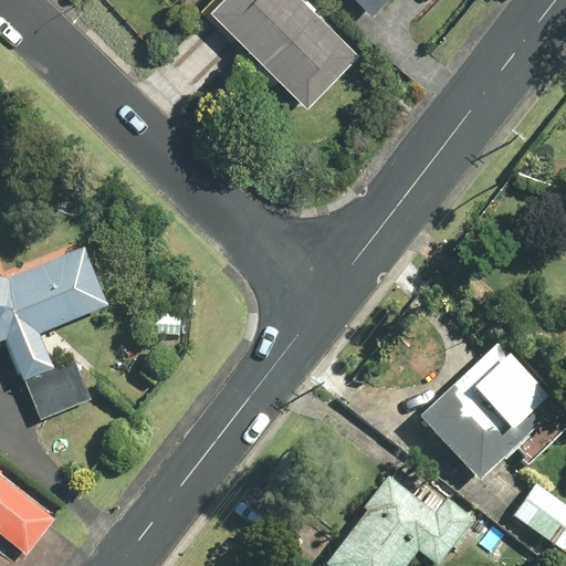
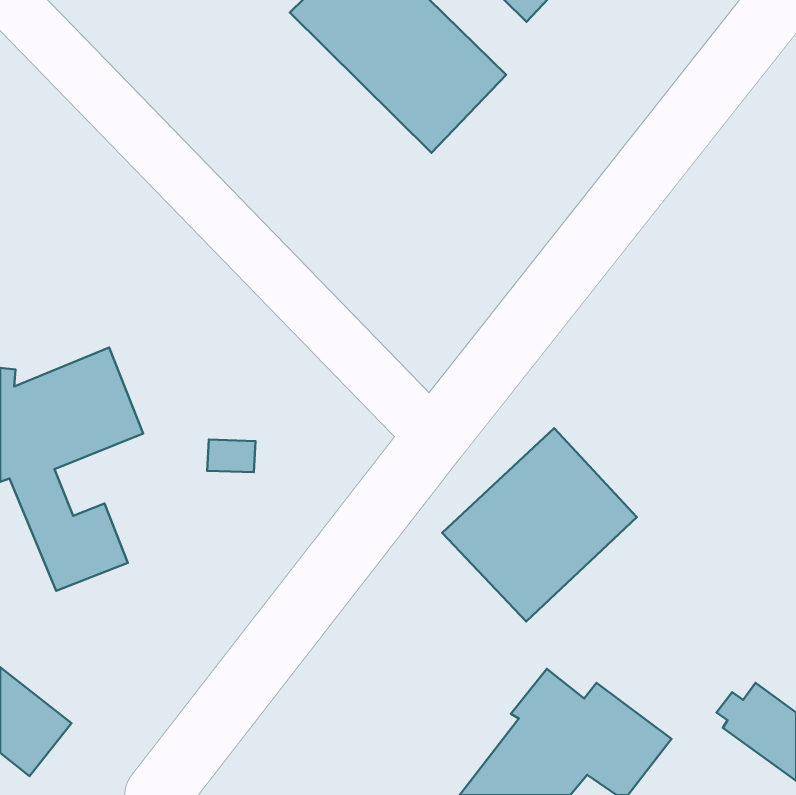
building: [419,345,557,482] -> [442,428,637,622]

